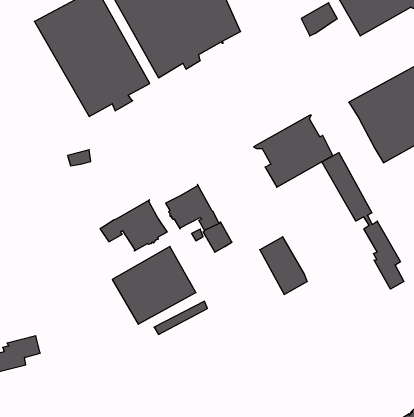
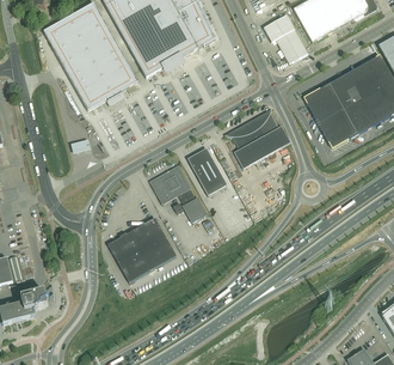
building: none -> [276,28,308,62]
building: [322,153,404,289] -> none
building: [100,200,167,251] -> none
building: [260,237,307,294] -> [187,147,227,195]

